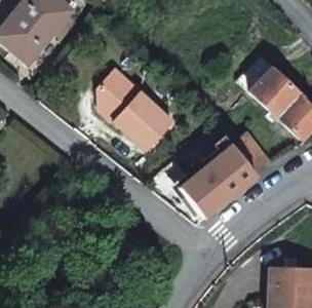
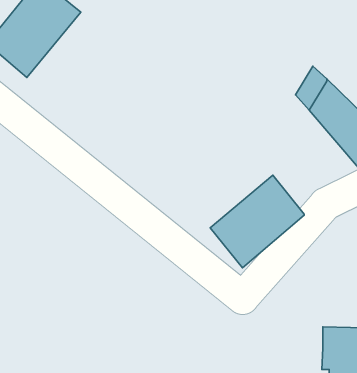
building: [95,68,172,151] -> none
building: [229,131,270,176] -> none

